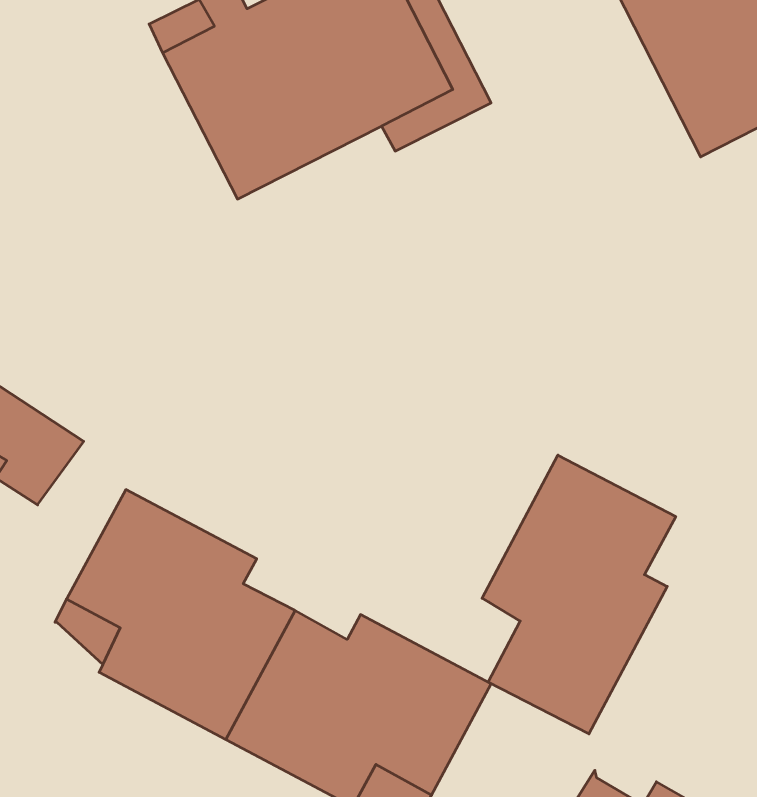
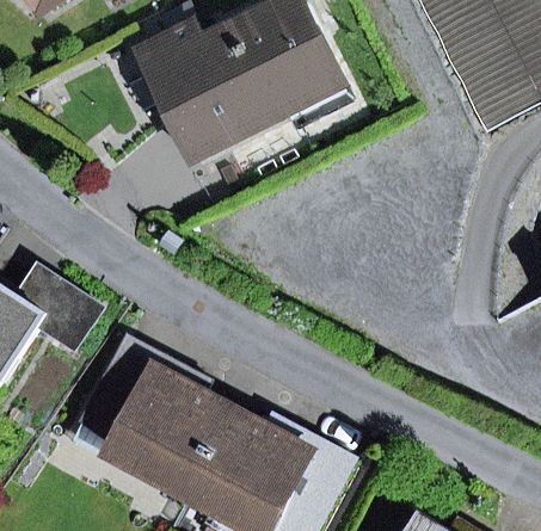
building: [482,455,676,734] -> none

